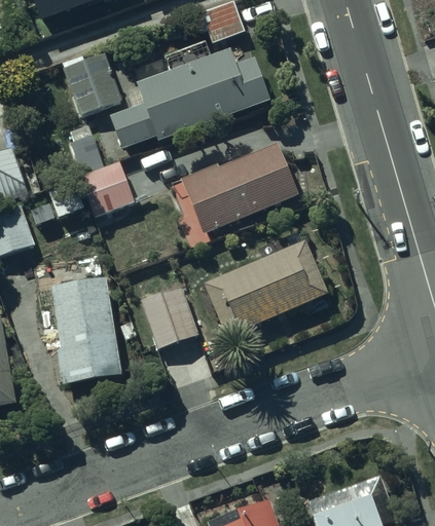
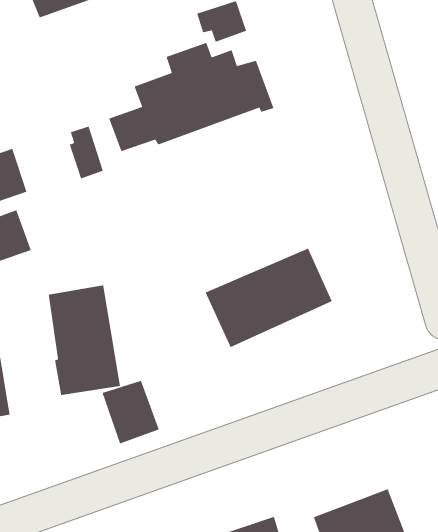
building: [59,52,121,115] -> none
building: [179,144,295,234] -> none
building: [79,161,133,214] -> none
building: [140,287,196,349] -> [101,380,160,445]

